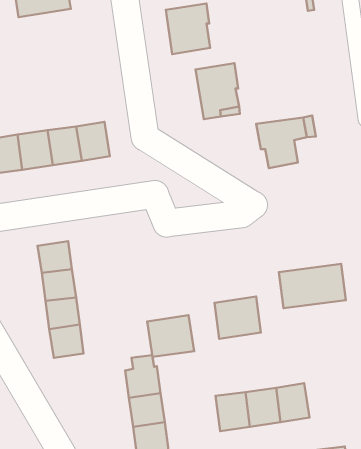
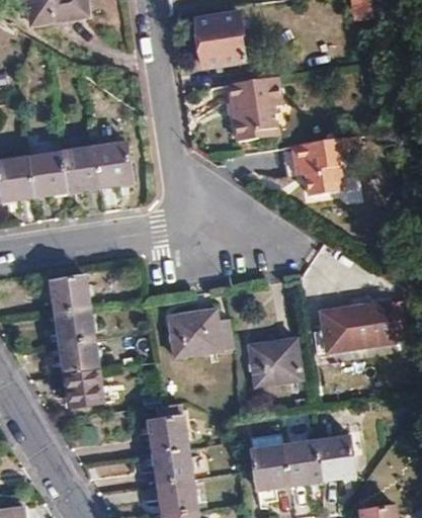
building: [147,315,194,357] -> [167,309,220,355]

